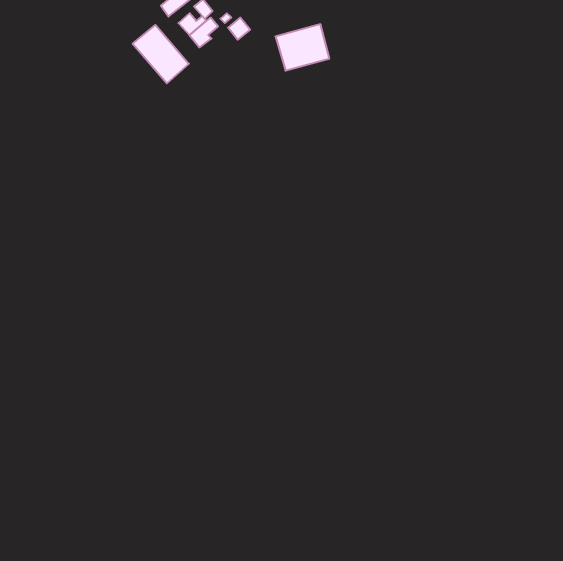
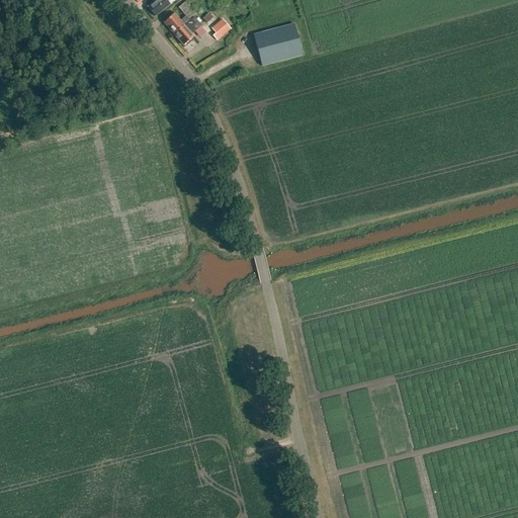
building: [133,25,189,83] -> none

